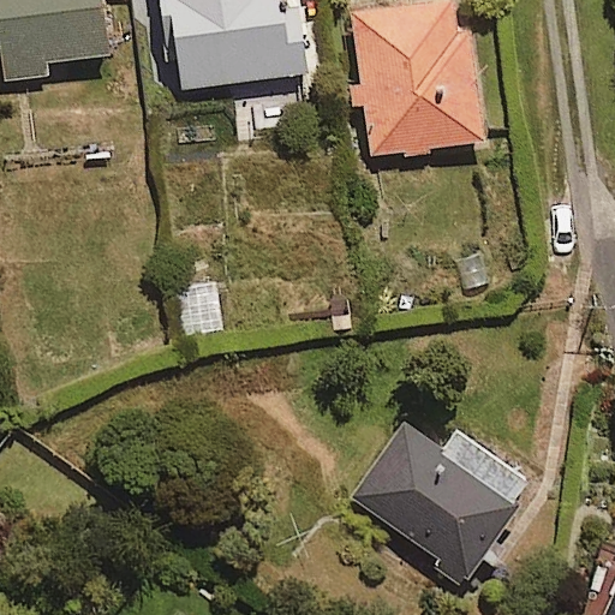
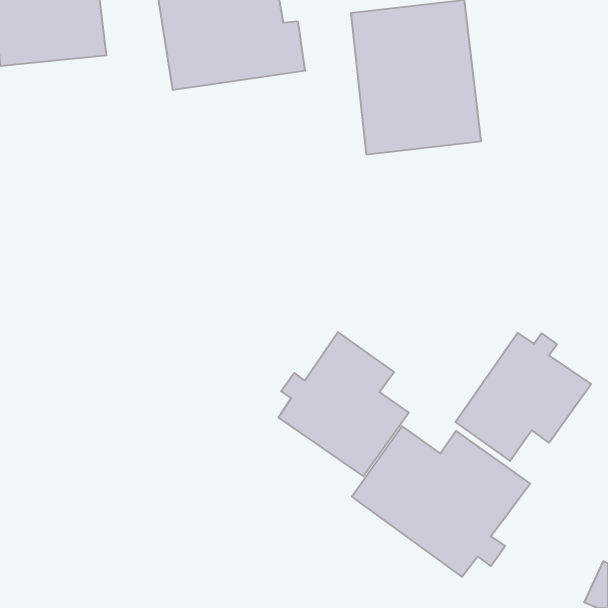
building: none -> [279,332,409,476]
building: none -> [455,333,591,461]

